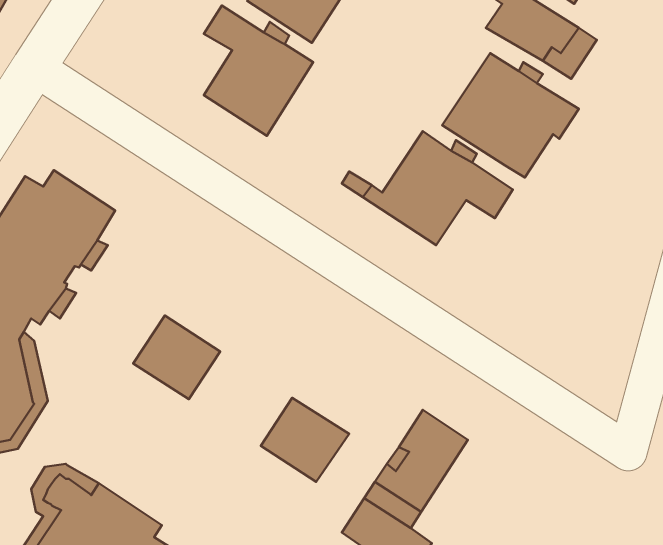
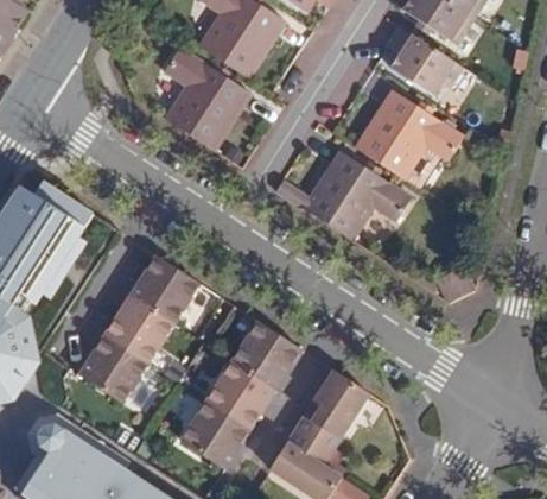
building: none -> [132,253,202,323]
building: none -> [233,320,303,389]
building: none -> [81,333,151,402]
building: none -> [180,398,252,469]

